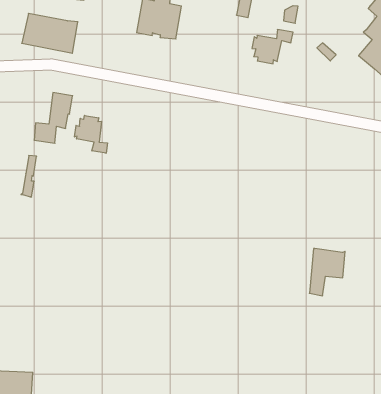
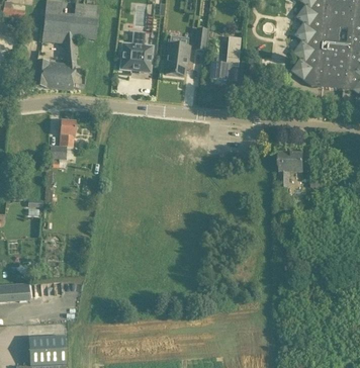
building: none -> [165,43,189,76]
building: [75,115,107,153] -> none
building: [309,249,345,296] -> [278,152,302,187]

